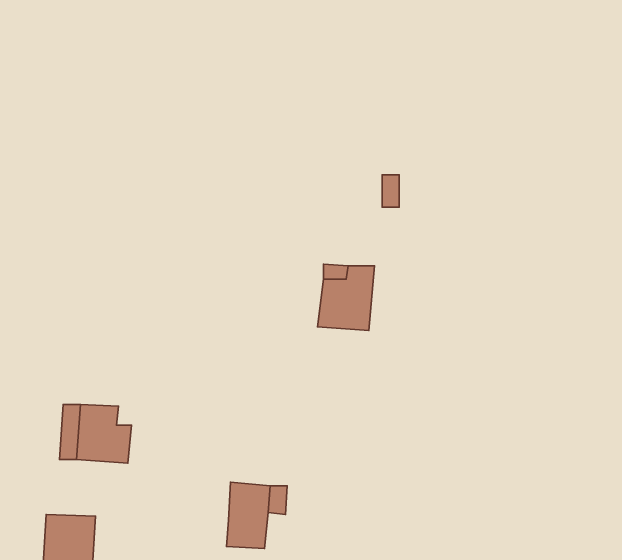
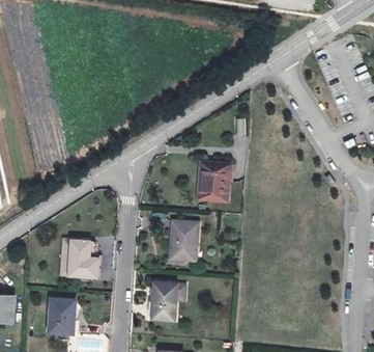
building: none -> [173,222,199,261]

